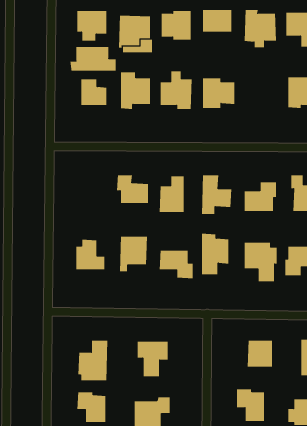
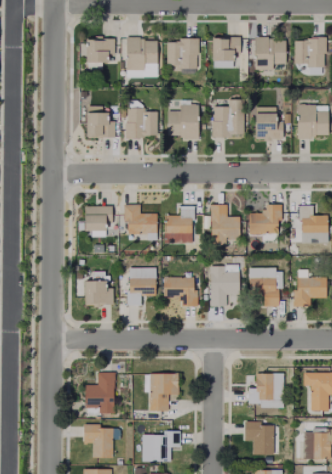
building: [70,46,116,71] -> none
building: none -> [254,106,282,139]
building: none -> [81,206,112,237]

